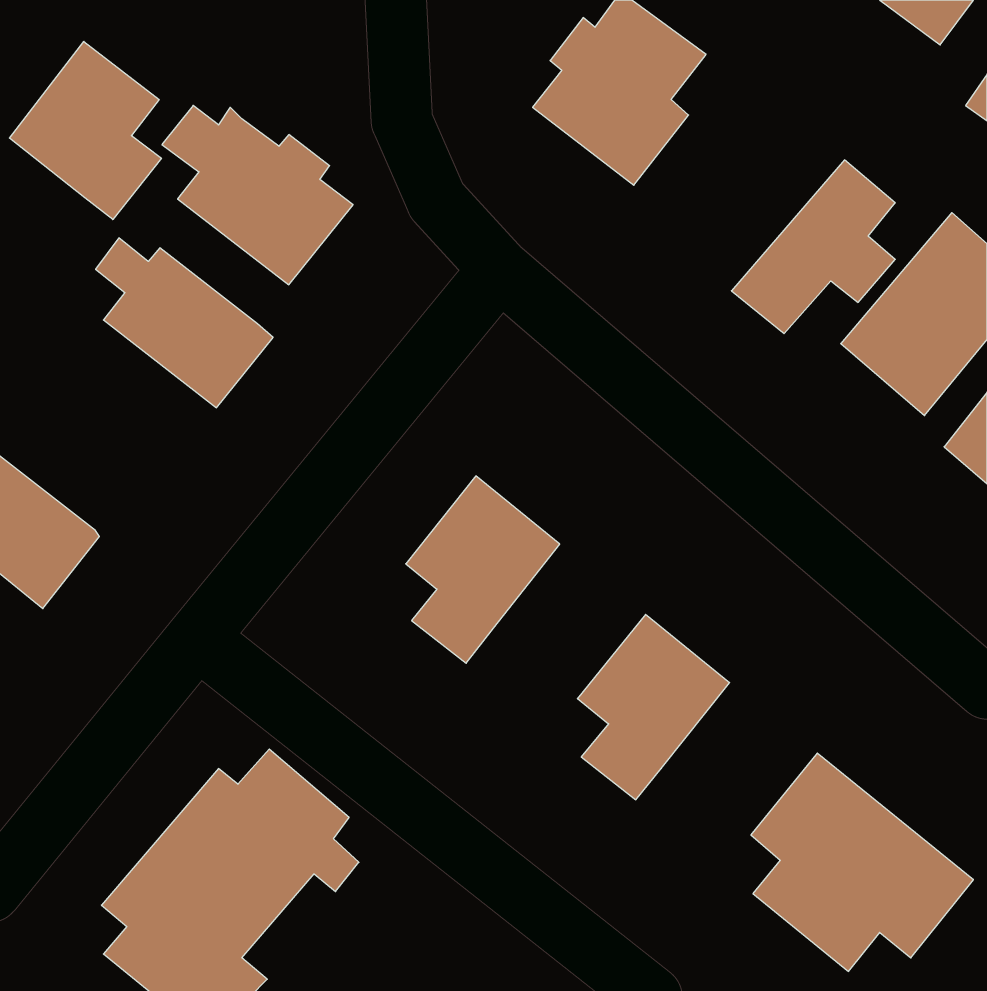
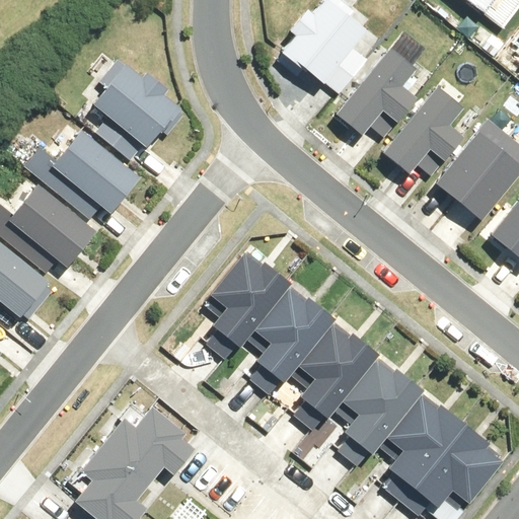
building: [9,41,161,220] -> none
building: none -> [336,47,420,138]
building: none -> [4,180,98,269]
building: none -> [256,286,336,383]
building: none -> [344,358,425,455]

